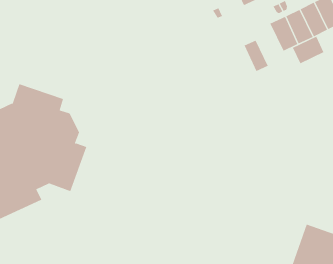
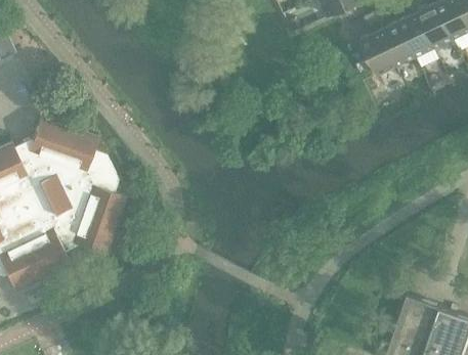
building: [292,36,324,64] -> none
building: [244,40,268,72] -> none

